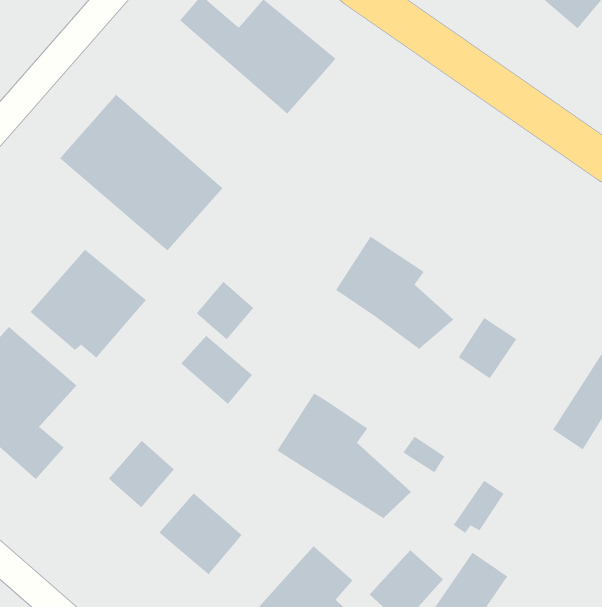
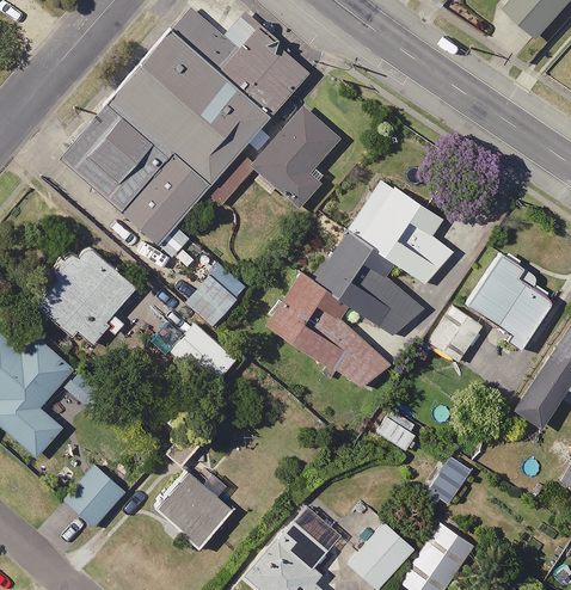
building: none -> [111,31,270,186]
building: none -> [250,105,340,210]
building: none -> [346,179,454,284]
building: none -> [463,252,555,352]
building: [276,392,412,519] -> [266,272,392,389]
building: [108,440,175,508] -> [63,463,125,527]

